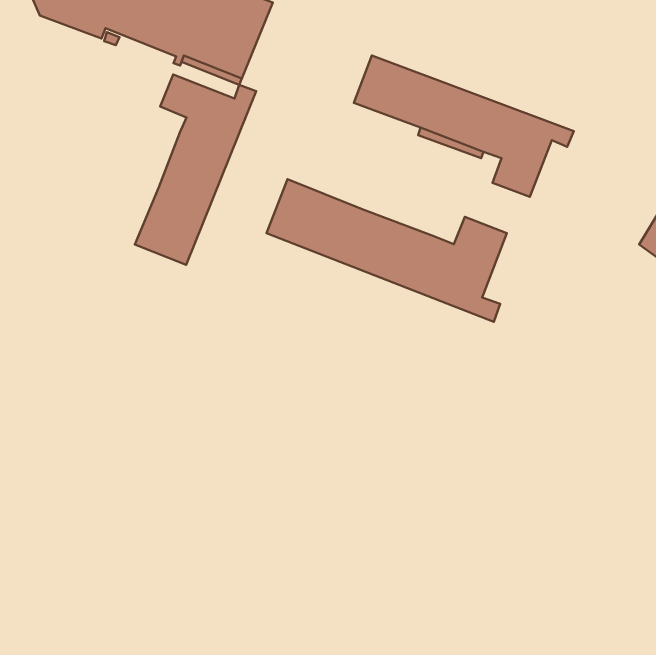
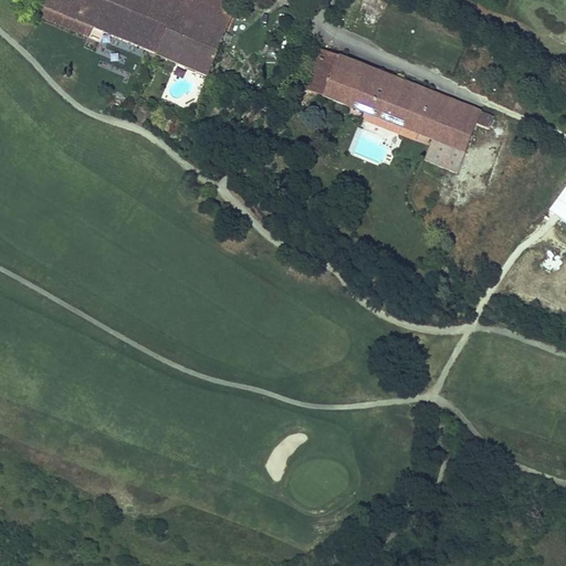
building: [135,74,256,265] -> none
building: [267,179,507,322] -> none

